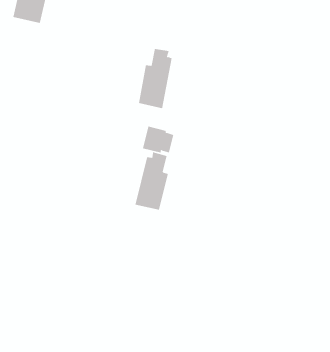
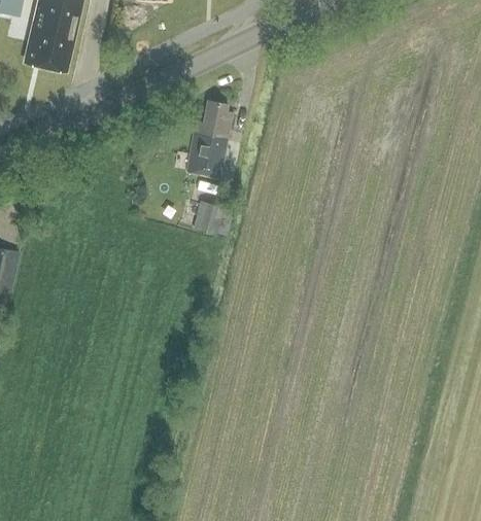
building: [135,151,168,210] -> none

